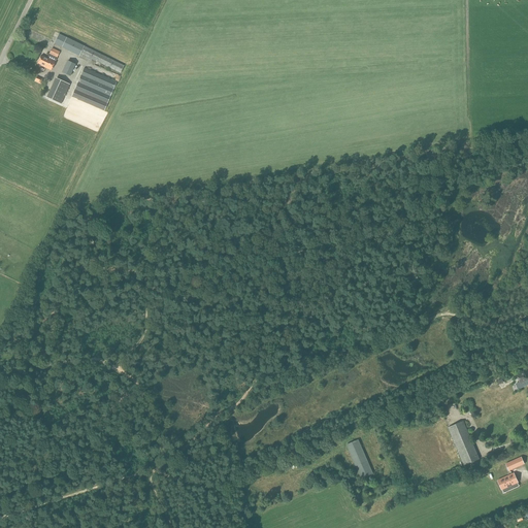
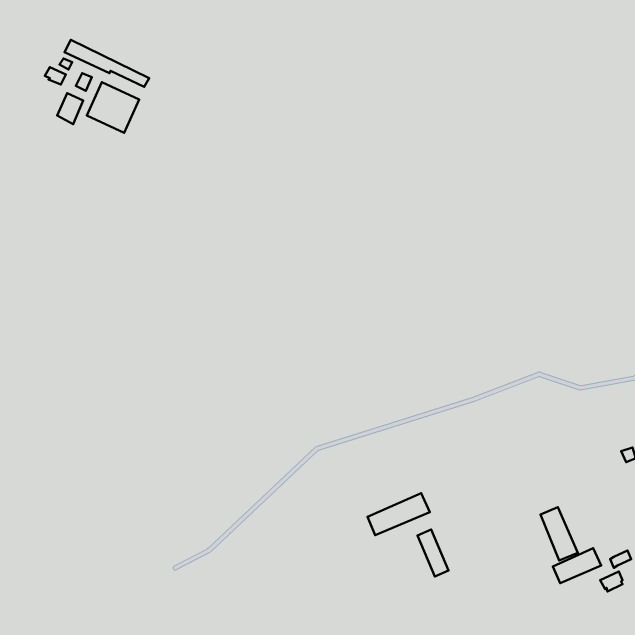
building: none -> [367,493,430,535]
building: none -> [553,548,601,583]

